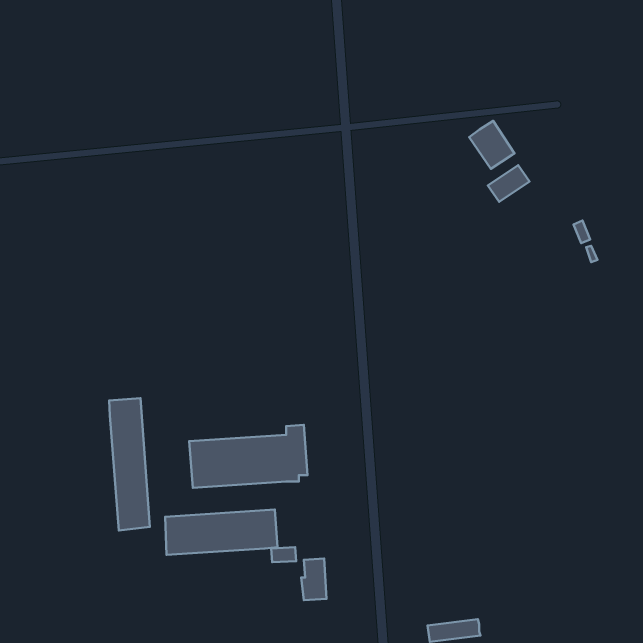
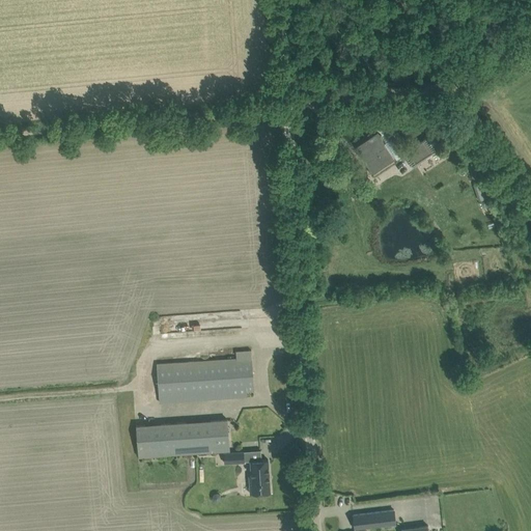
building: [469,121,515,169] -> [357,133,394,172]
building: [109,398,150,531] -> none

